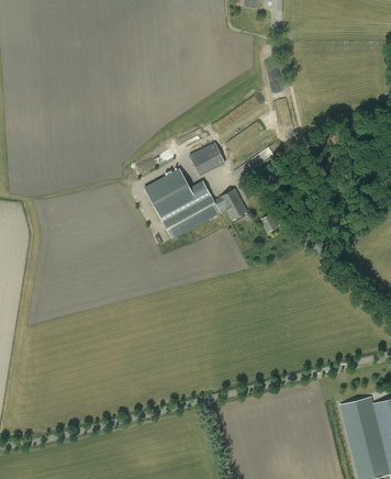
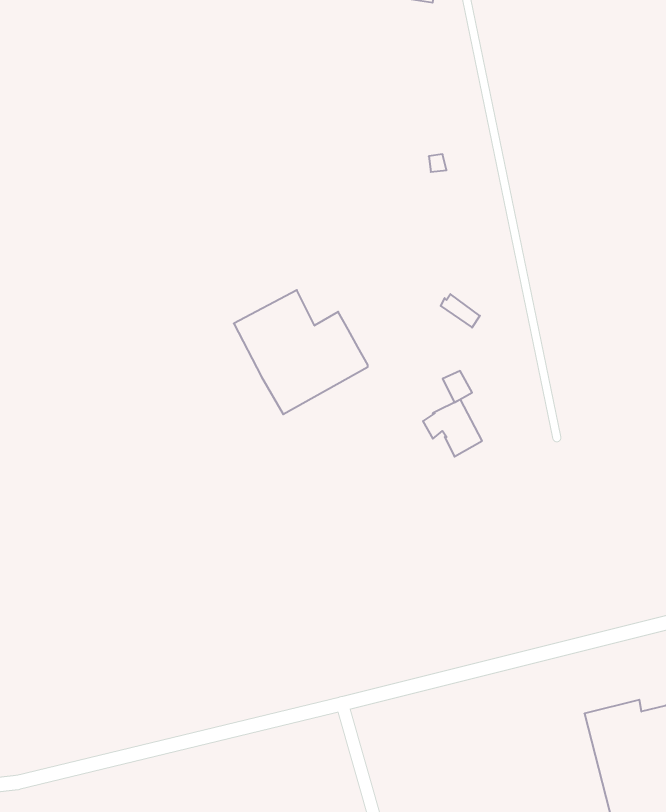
building: [189,142,225,176] -> none
building: [214,189,247,221] -> [423,399,482,457]

